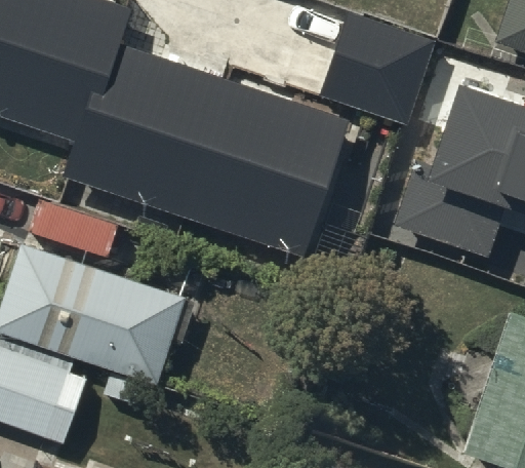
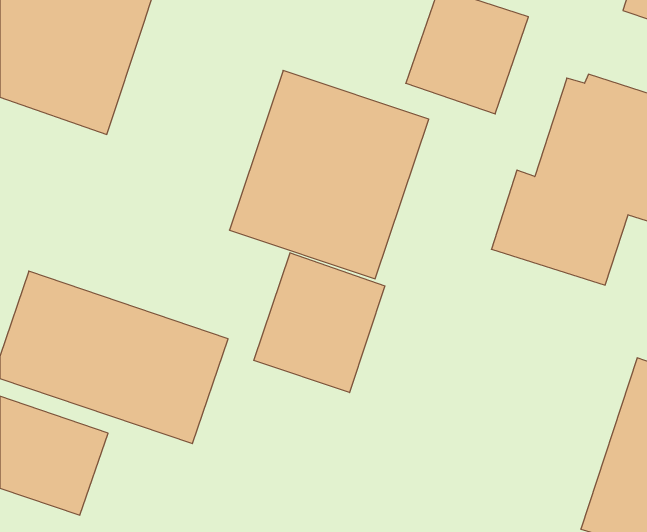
building: [73,46,228,212] -> none
building: none -> [254,253,385,393]

